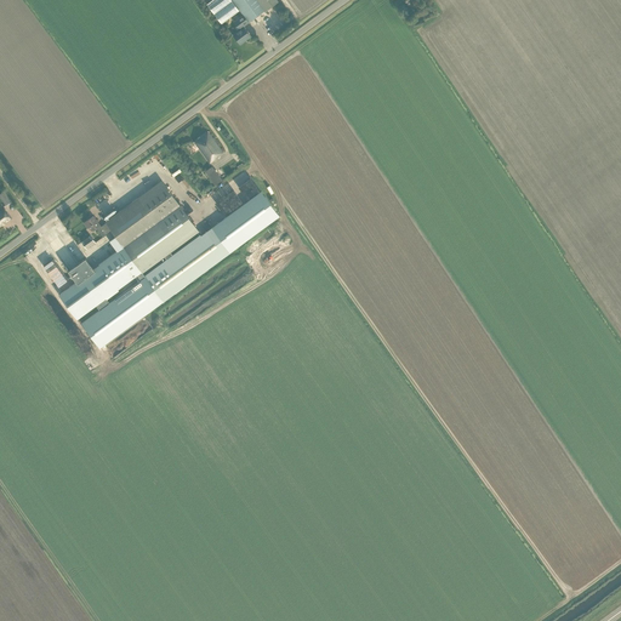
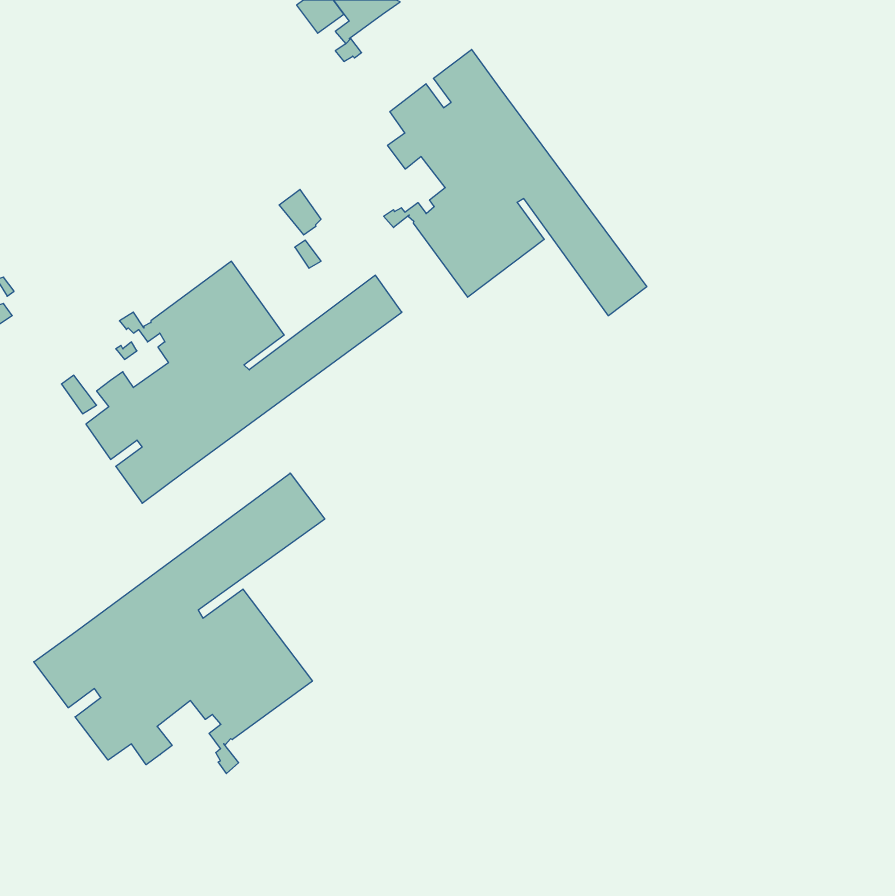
building: none -> [384,49,647,316]
building: none -> [34,473,325,774]

